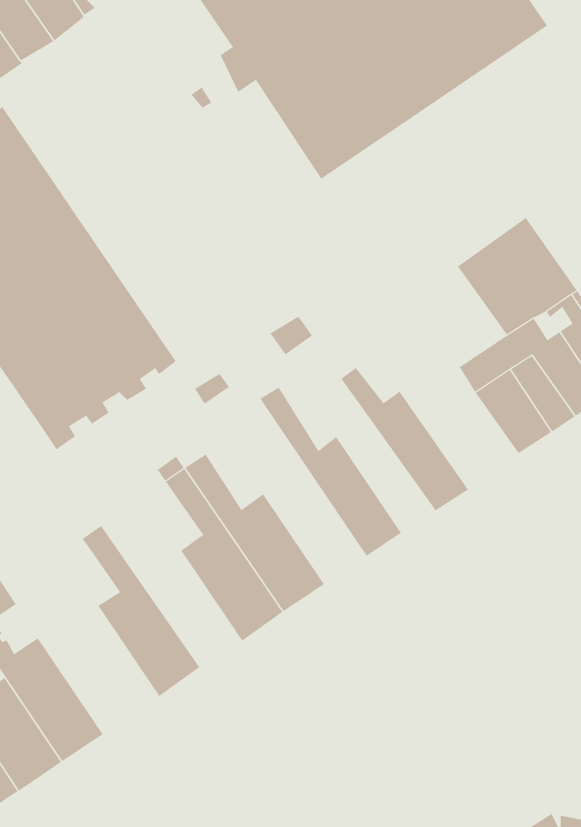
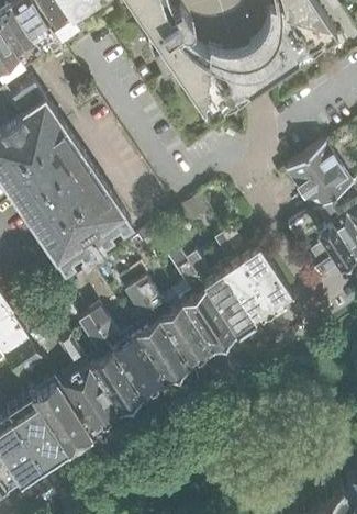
building: none -> [213,234,275,320]
building: none -> [167,245,236,348]
building: none -> [89,308,167,394]
building: none -> [55,328,121,429]

